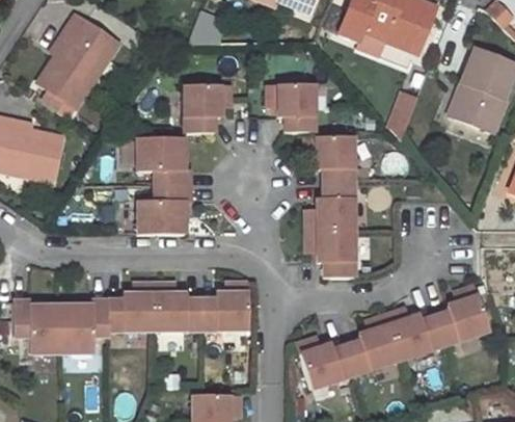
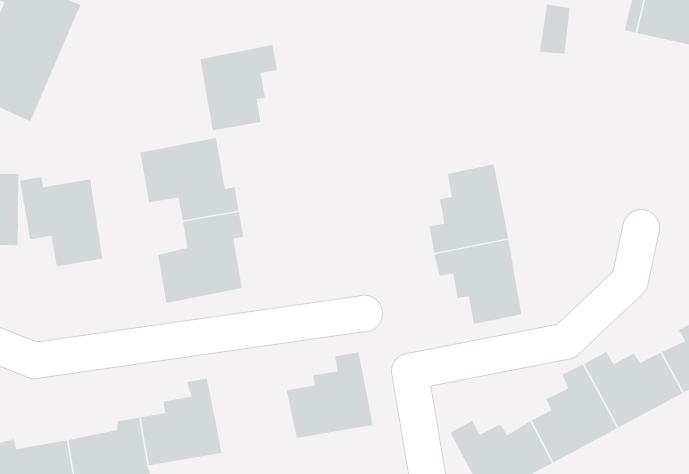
building: [269,84,317,131] -> none
building: [306,135,353,183] -> none
building: none -> [19,176,103,267]
building: [155,283,202,331] -> none

